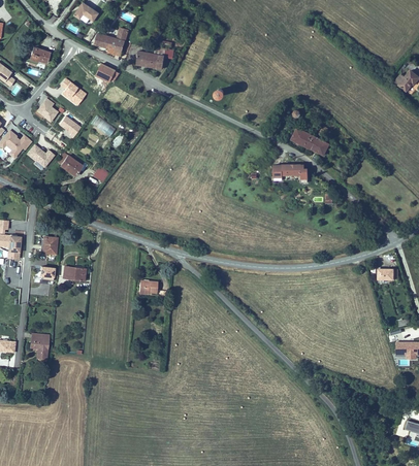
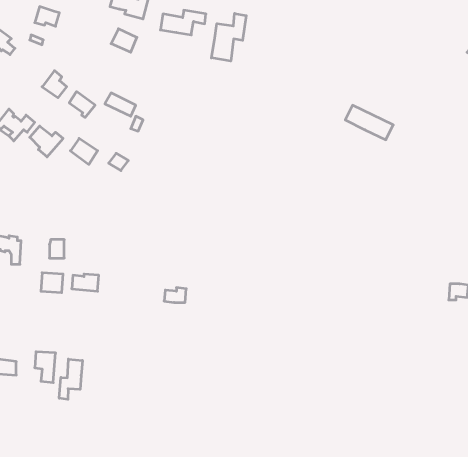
building: none -> [211,13,246,61]
building: [57,77,87,106] -> none
building: [275,164,308,181] -> none
building: none -> [59,359,82,399]

